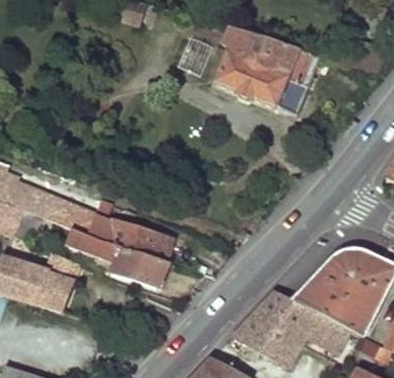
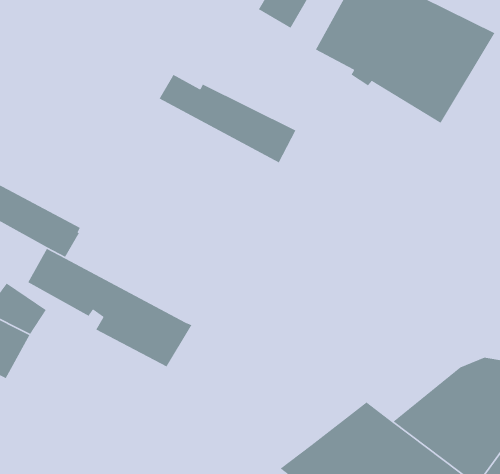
building: [85,214,170,257] -> [159,74,297,163]

